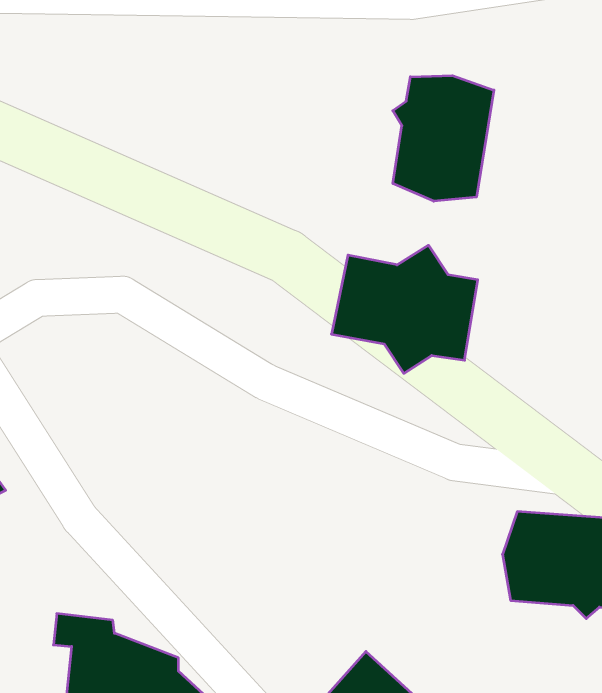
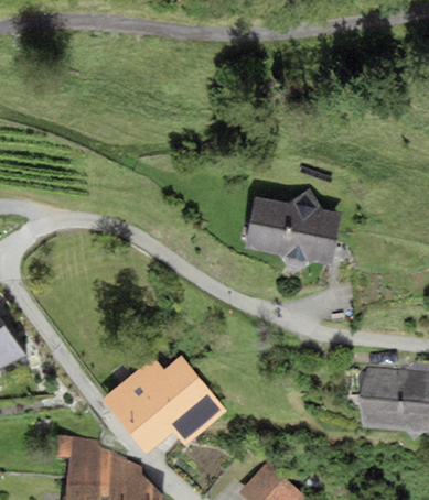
building: [393,76,494,201] -> none
building: none -> [104,359,227,453]

